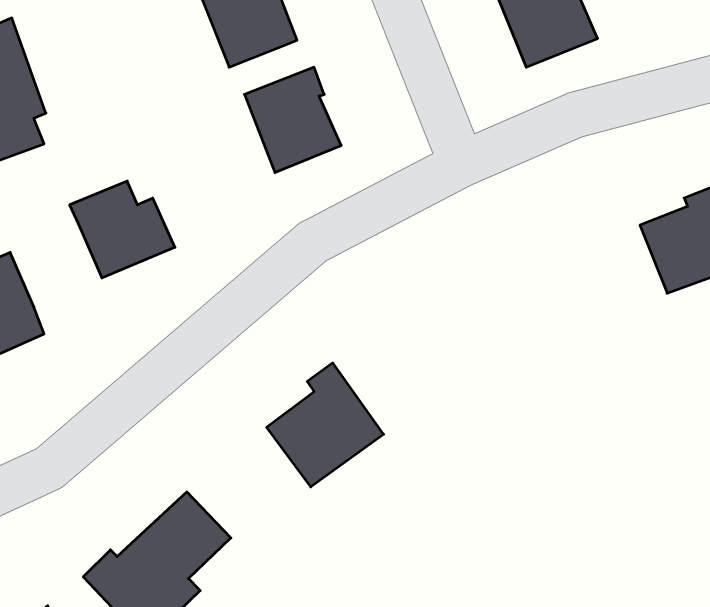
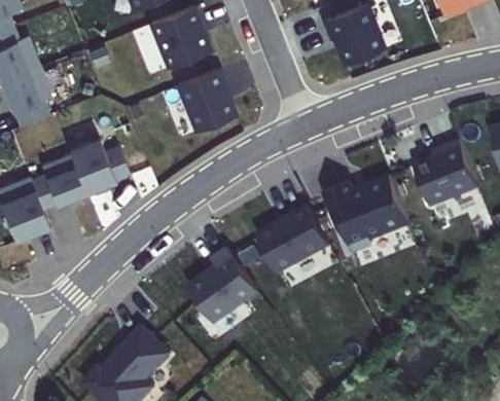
building: none -> [31,163,86,214]
building: none -> [322,175,407,252]
building: none -> [255,206,328,272]

